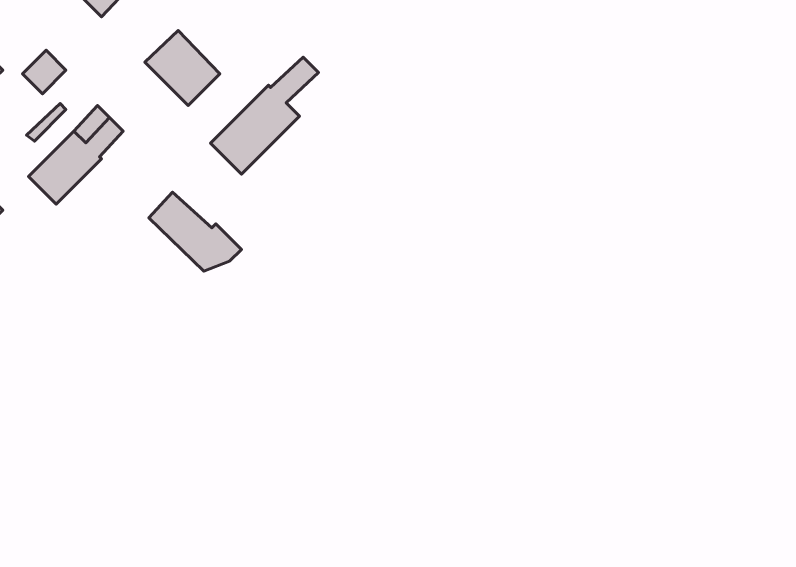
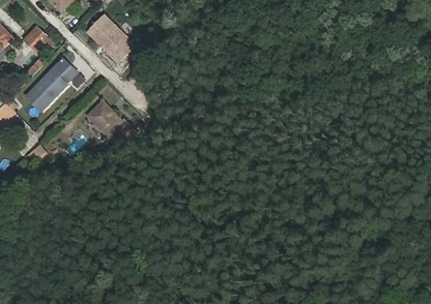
building: [211,57,319,174] -> none

